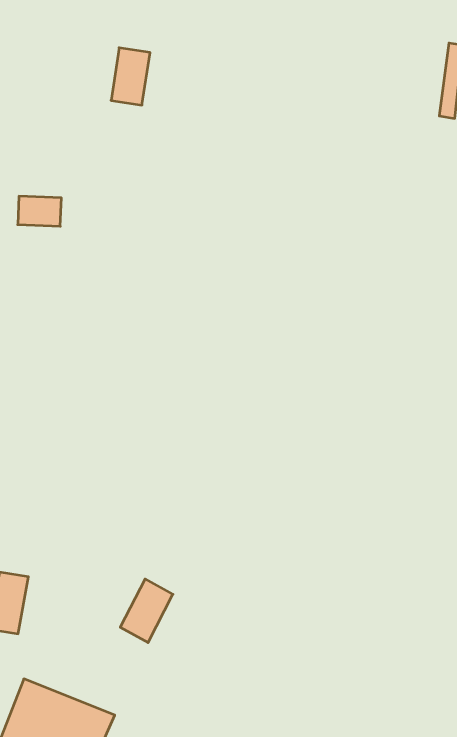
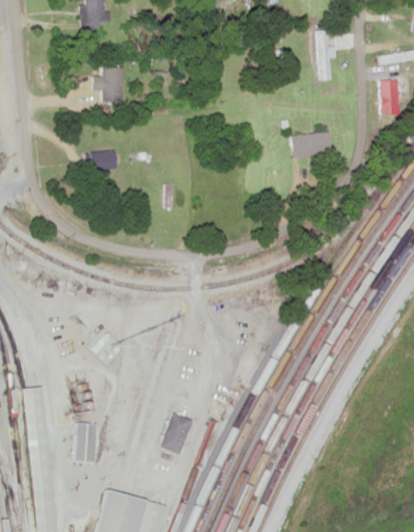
building: none -> [290,132,331,157]
building: [18,196,61,226] -> [86,150,117,171]

